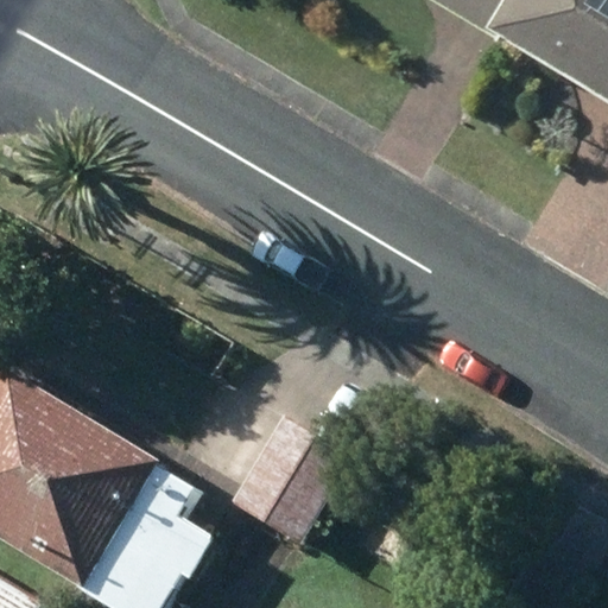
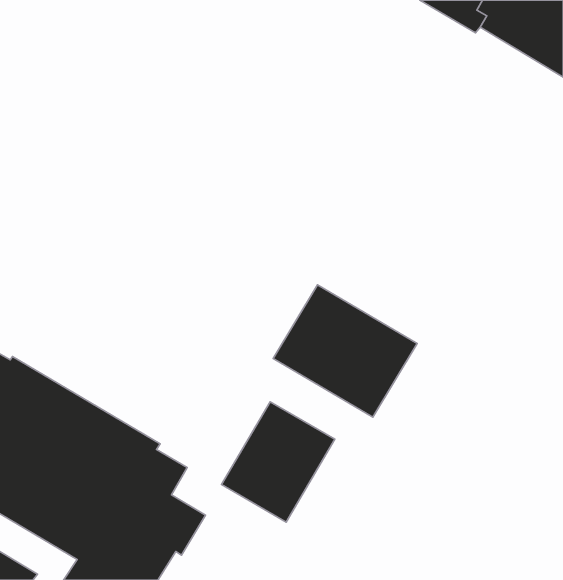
building: none -> [273,285,417,417]

